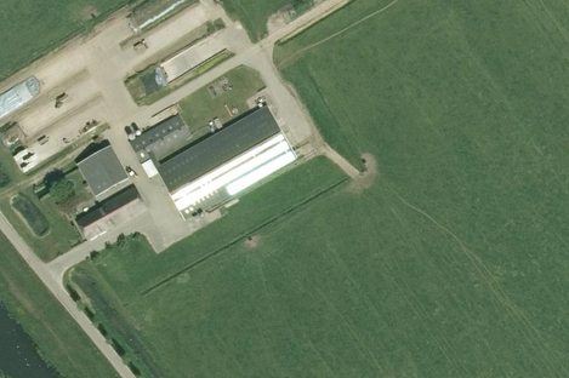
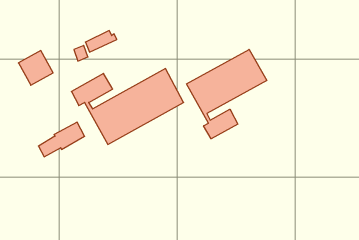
building: none -> [187,49,267,139]
building: [75,143,126,194] -> [18,51,53,85]

